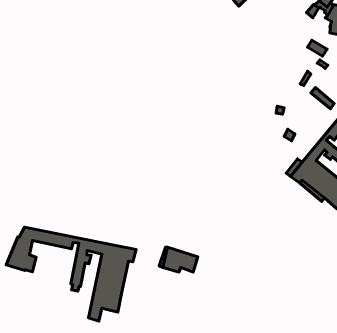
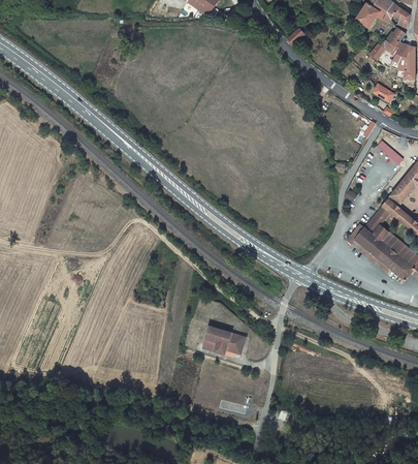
building: [6,227,136,321] -> none

